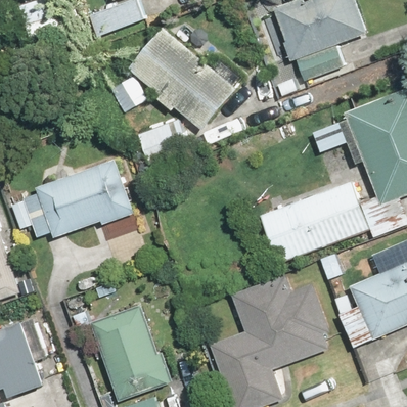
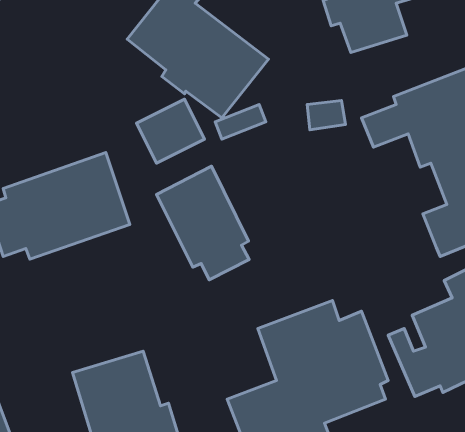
building: none -> [156,166,249,280]
building: [261,181,367,264] -> none

